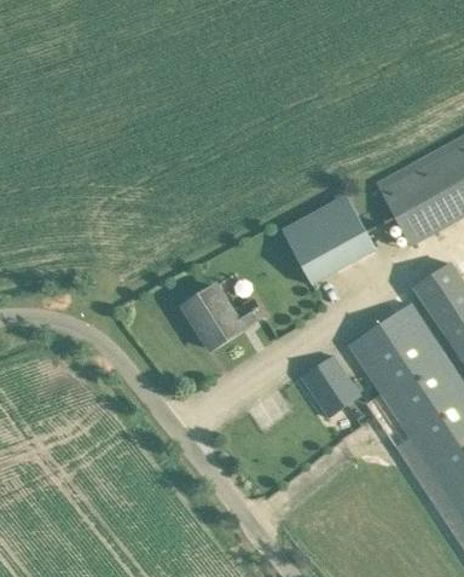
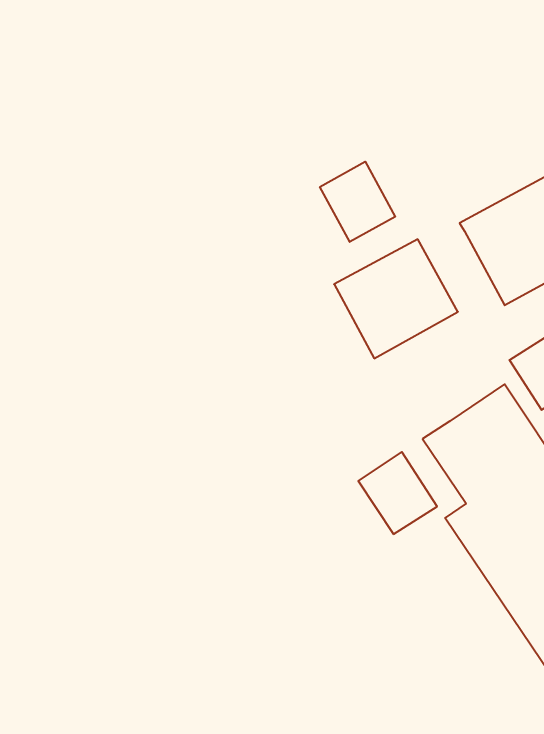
building: none -> [320,162,395,242]
building: [176,270,266,348] -> none

